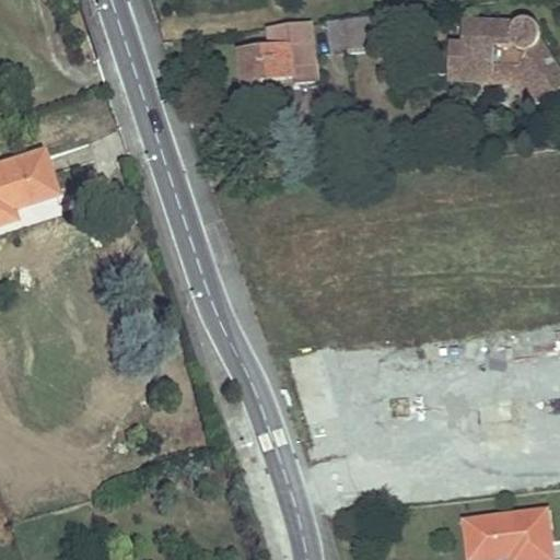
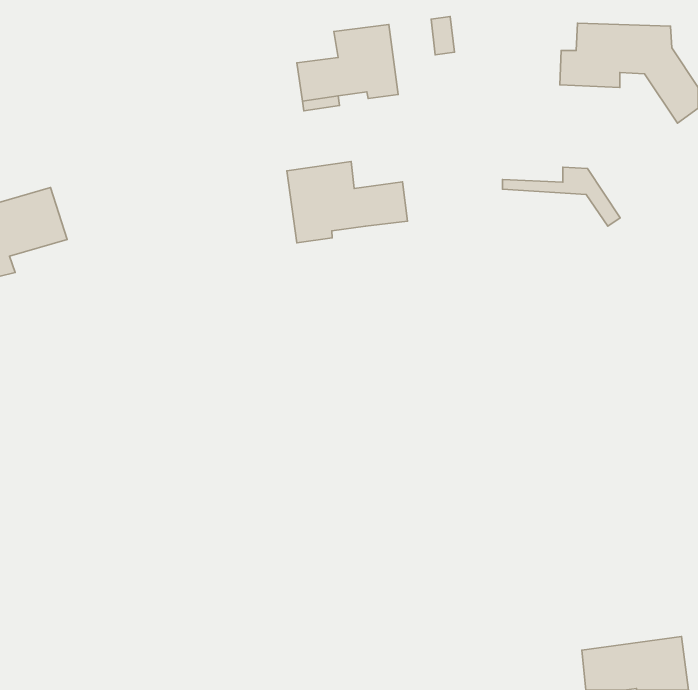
building: [447,58,541,105] -> [503,167,620,226]
building: none -> [287,161,408,243]

